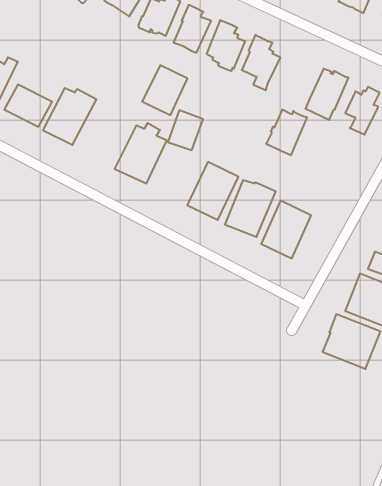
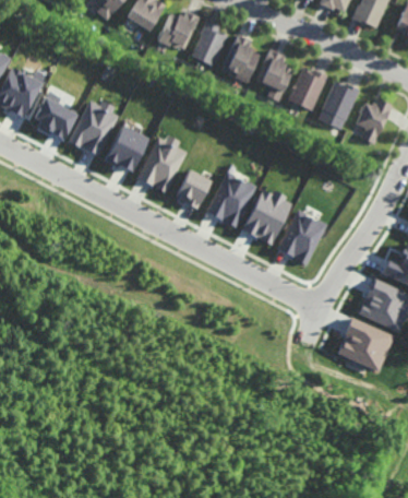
building: [142,65,187,115] -> [104,124,147,173]
building: [266,110,307,155] -> [290,69,329,112]
building: [168,110,203,150] -> [176,169,209,208]

